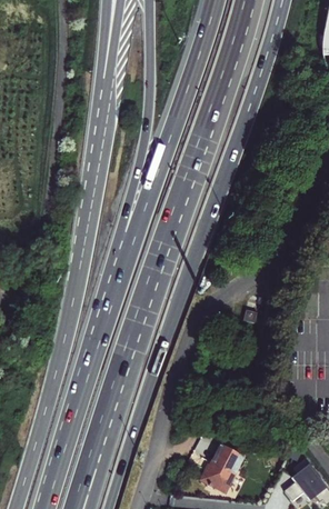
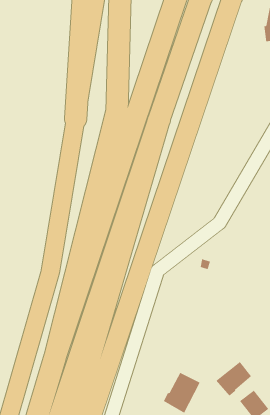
building: none -> [216,361,252,396]

